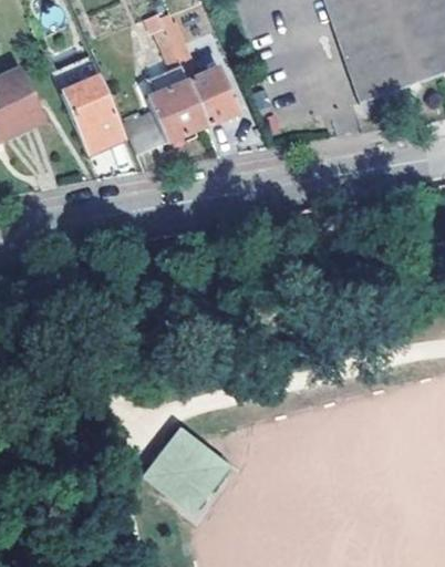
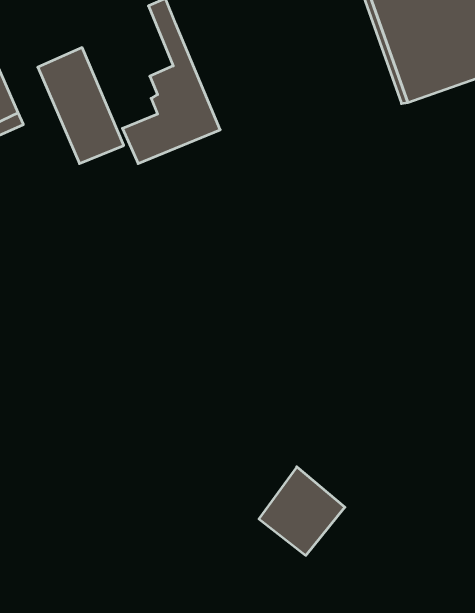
building: [169,29,241,125] -> none
building: [149,435,222,511] -> [259,467,345,555]

